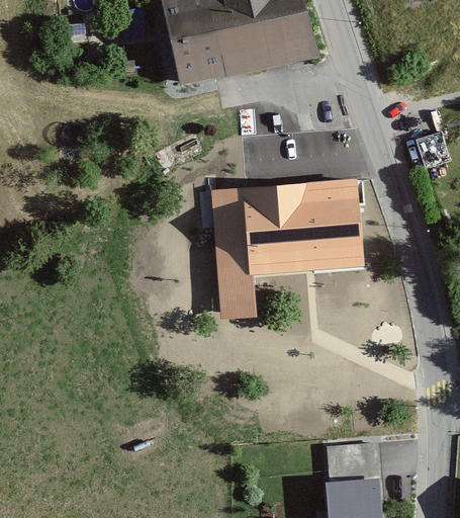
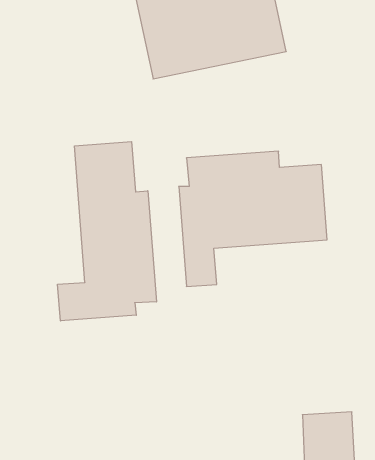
building: none -> [58,142,156,321]

